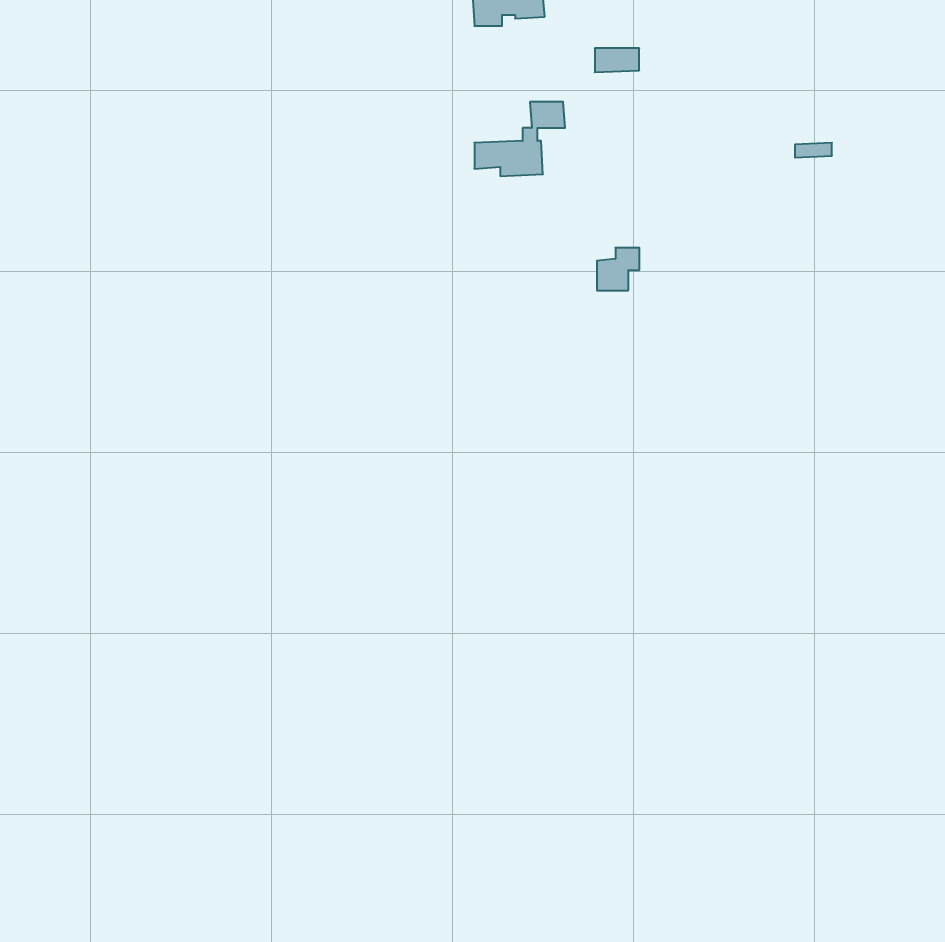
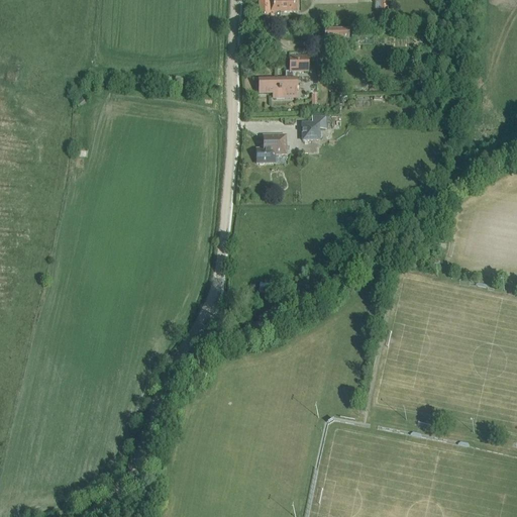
building: none -> [257,134,287,163]
building: [597,248,639,290] -> [303,115,326,138]

